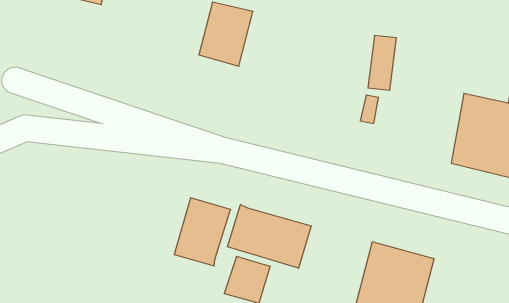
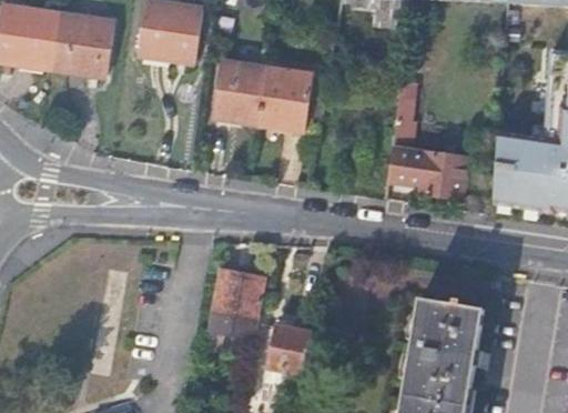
building: none -> [258,66,312,131]
building: none -> [420,151,468,198]
building: [228,205,311,268] -> none

